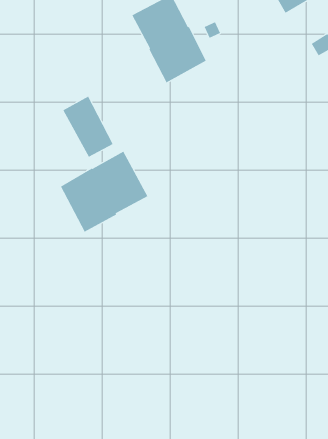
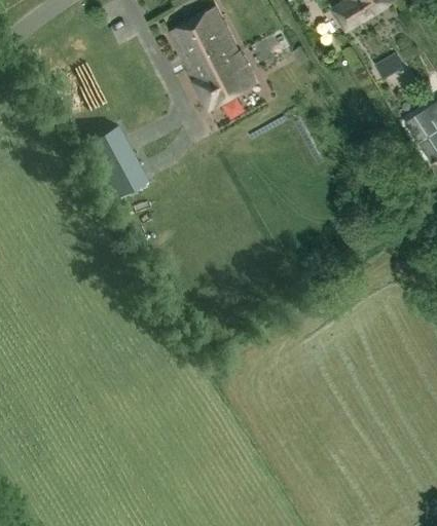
building: [60,151,148,233] -> none

